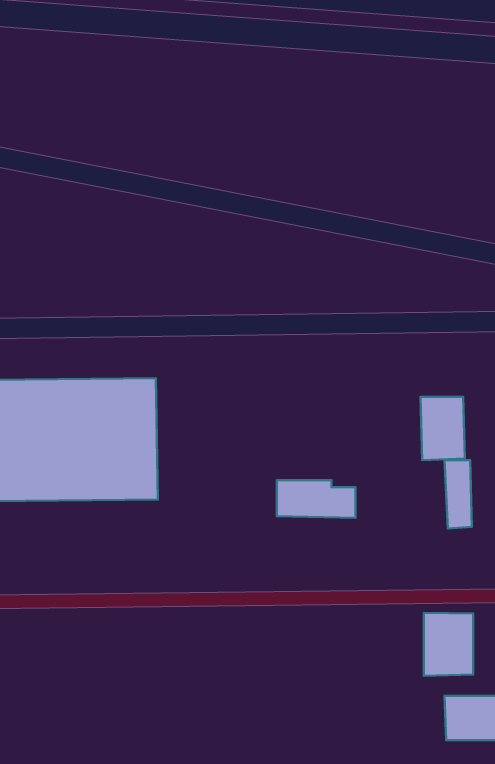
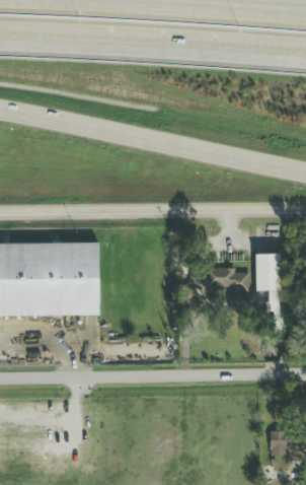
building: [277,480,355,518] -> [203,268,249,290]
building: [424,613,473,676] -> none

